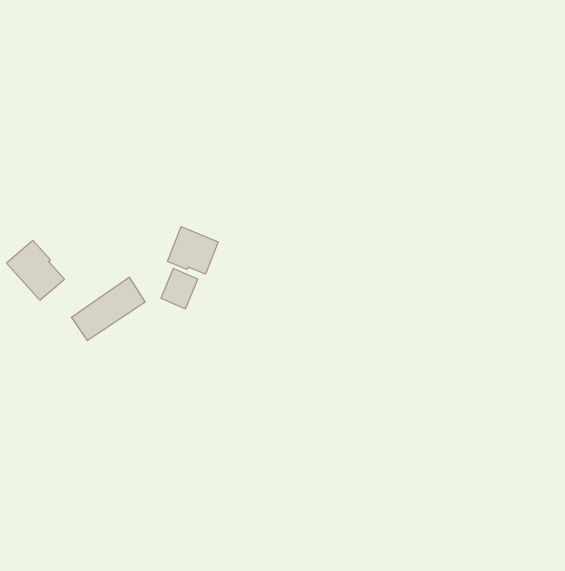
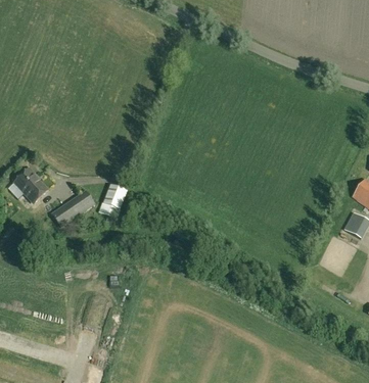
building: [168,227,218,274] -> none

